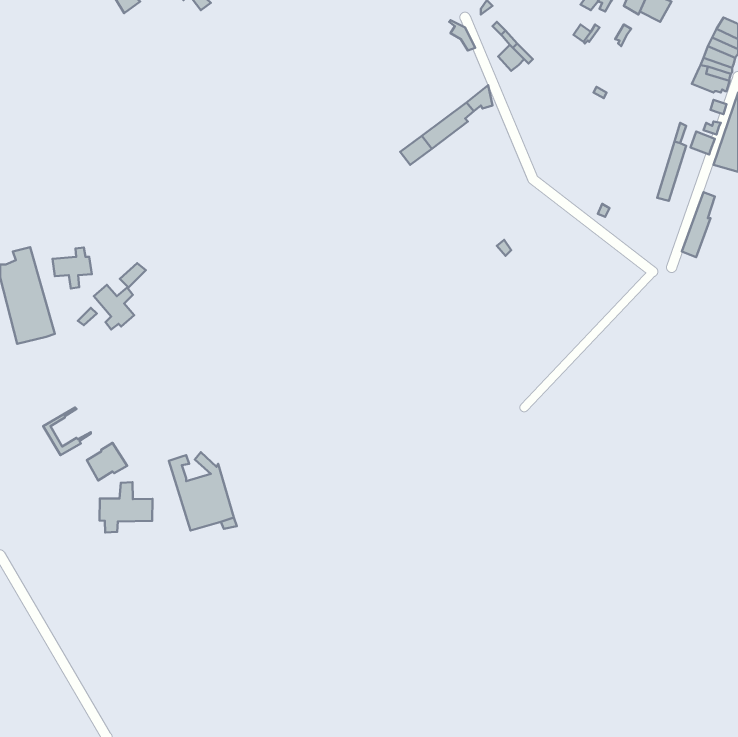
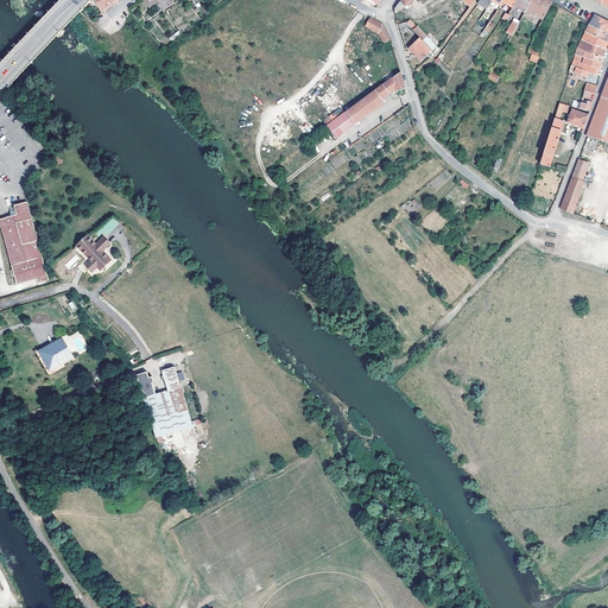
building: [52,248,92,288] -> none
building: [87,443,127,480] -> [42,336,75,367]
building: [100,482,152,532] -> none

